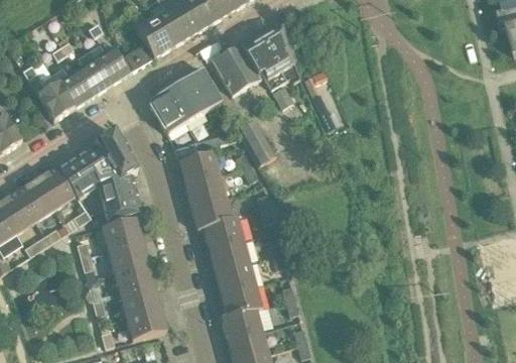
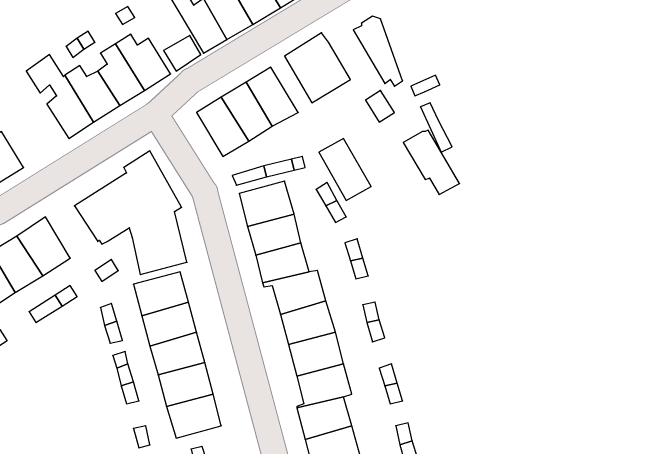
building: [245,40,286,88] -> [403,130,460,195]
building: [37,166,76,208] -> none

